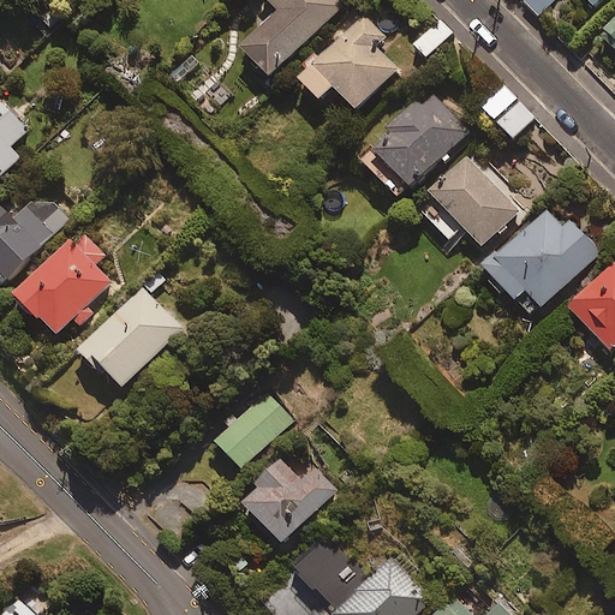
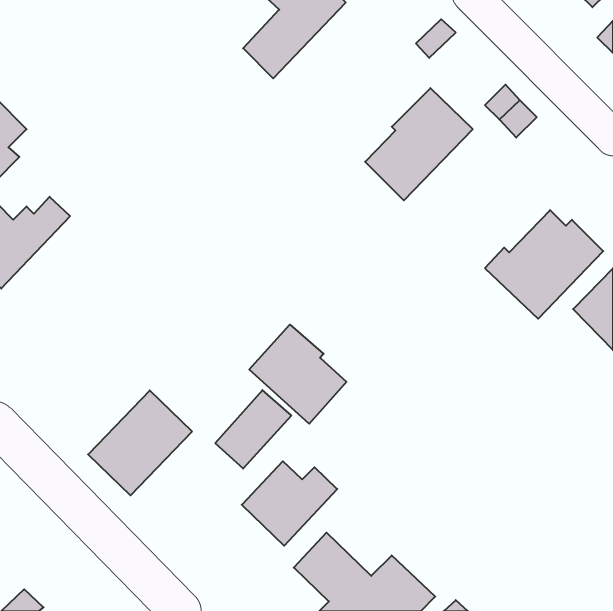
building: [292,7,396,111] -> none
building: [428,155,519,245] -> none
building: [14,228,111,336] -> none
building: [79,286,183,390] -> [88,390,192,495]
building: none -> [249,325,346,424]

